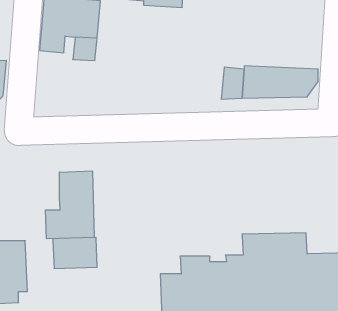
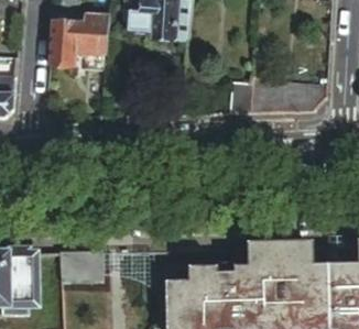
building: [46,171,94,239] -> none

